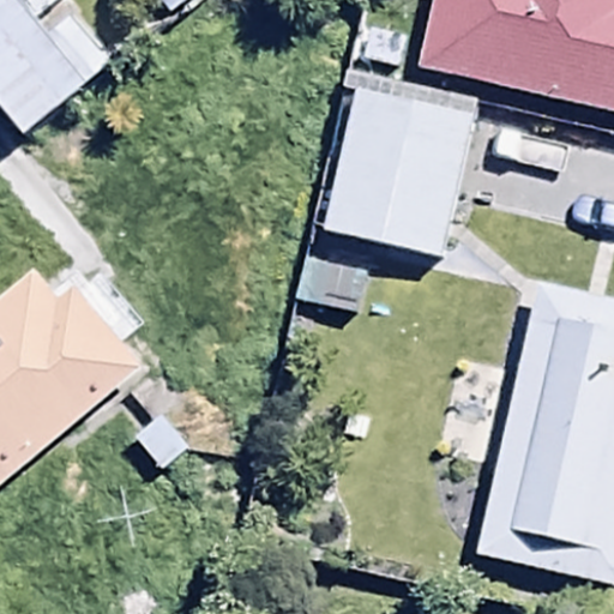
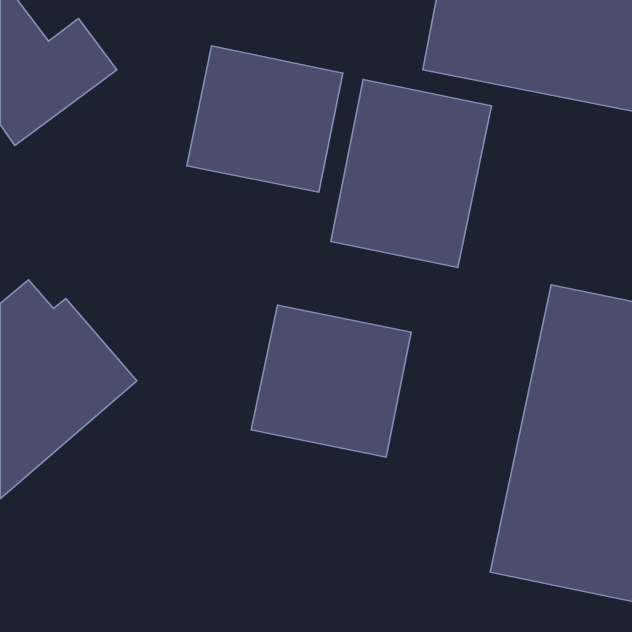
building: none -> [187,46,343,192]
building: none -> [251,305,411,457]

